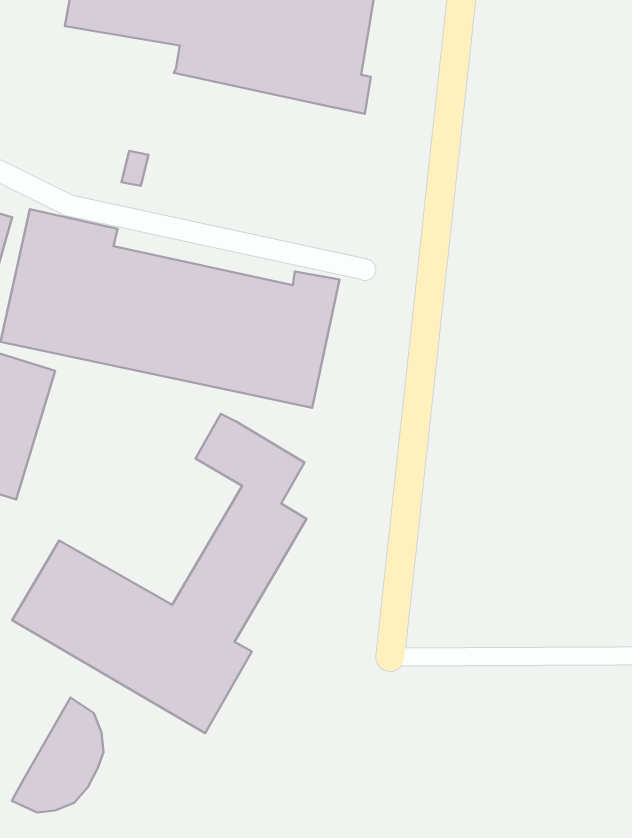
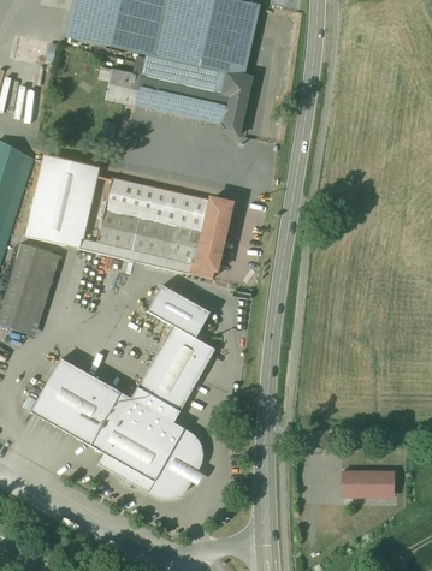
building: none -> [102,67,248,137]
building: [12,698,104,812] -> [143,428,200,499]
building: none -> [341,464,392,494]

